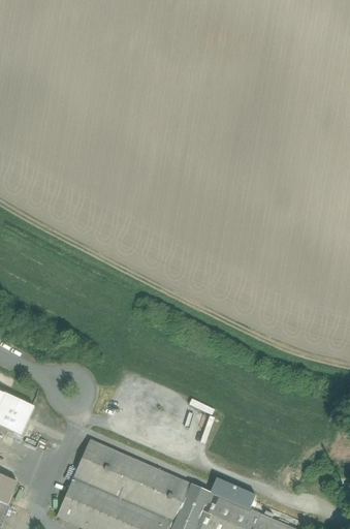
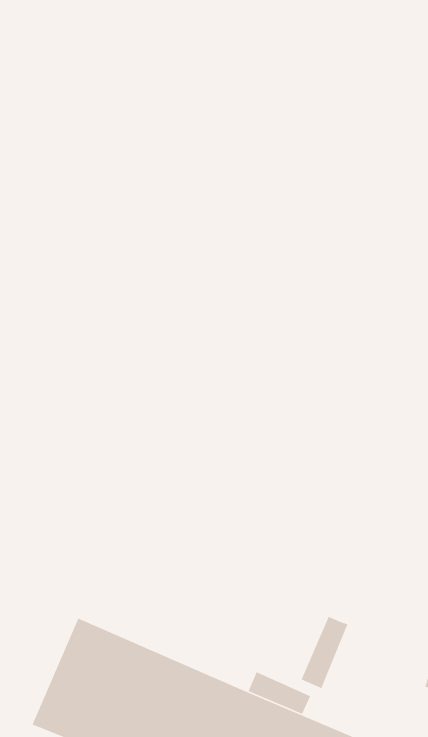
building: none -> [300,616,349,689]

